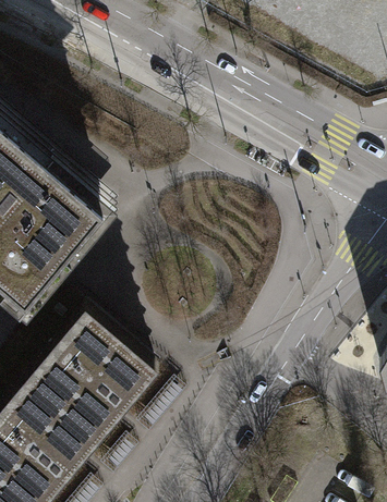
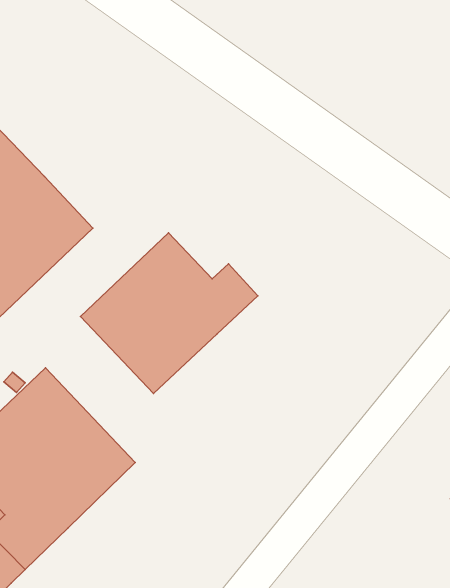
building: none -> [81,233,258,393]

